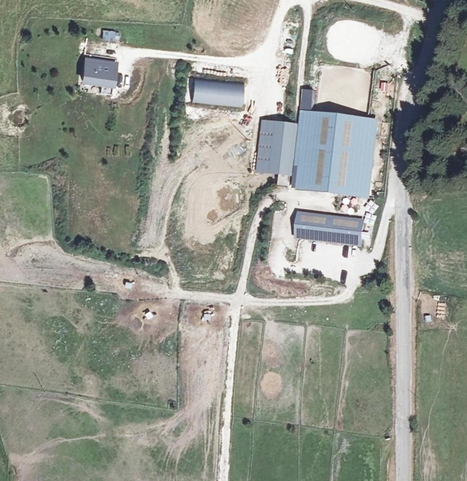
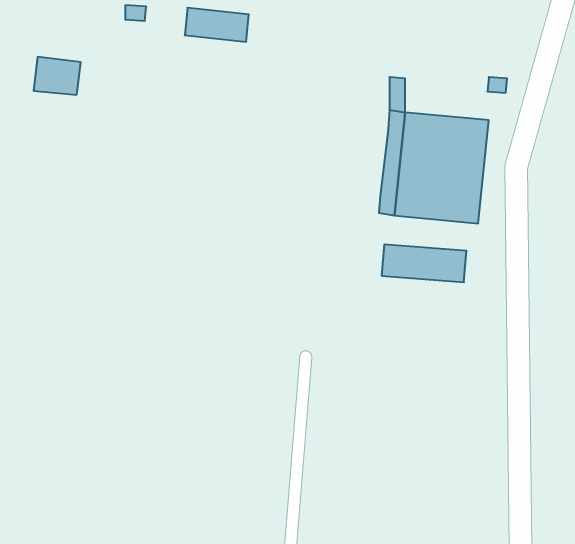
building: [81,58,117,87] -> [34,57,81,95]
building: [190,79,239,105] -> [185,8,249,42]
building: [255,121,301,176] -> none

